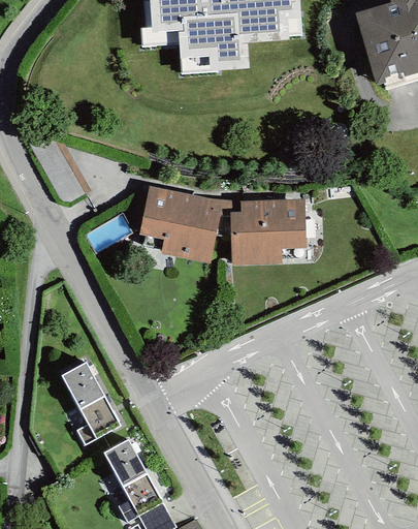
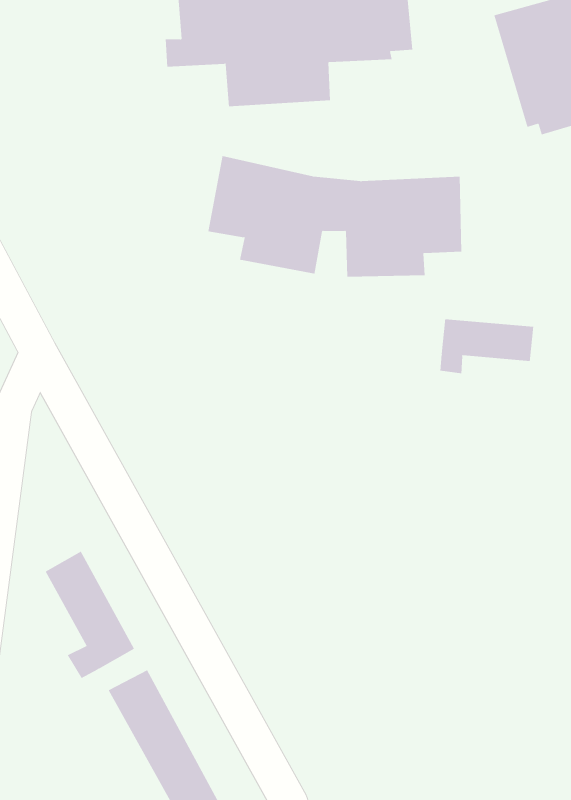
building: [139,184,306,263] -> [208,156,462,277]
building: none -> [440,319,534,374]

